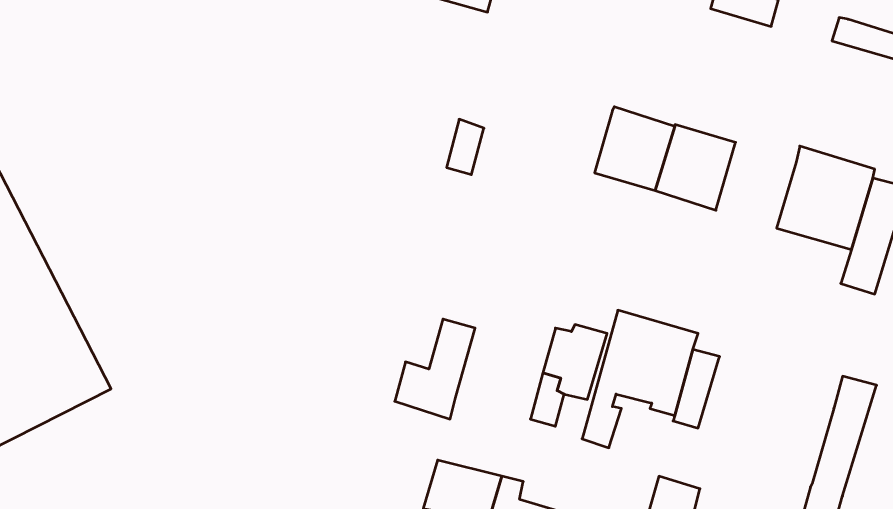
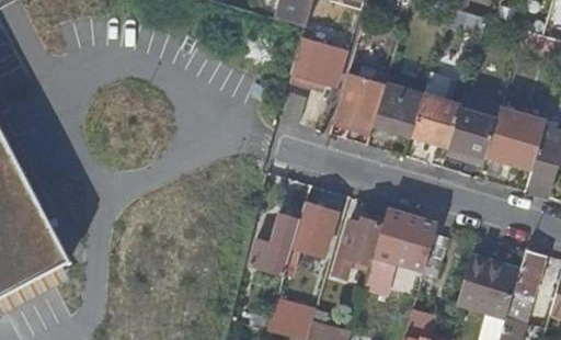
building: none -> [295,36,348,86]
building: none -> [333,75,383,129]
building: none -> [447,105,496,158]
building: none -> [287,202,336,263]
building: none -> [457,254,519,315]

